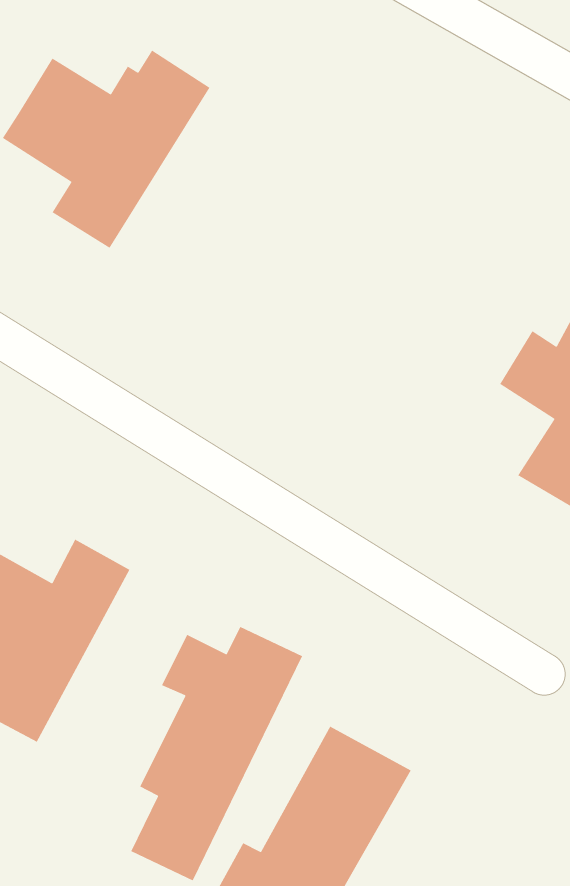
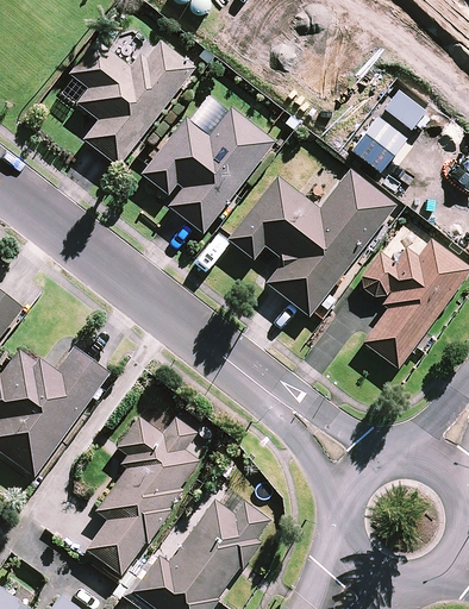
building: none -> [142,109,274,233]
building: none -> [227,170,394,315]

